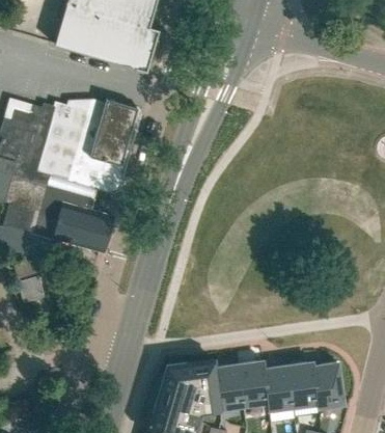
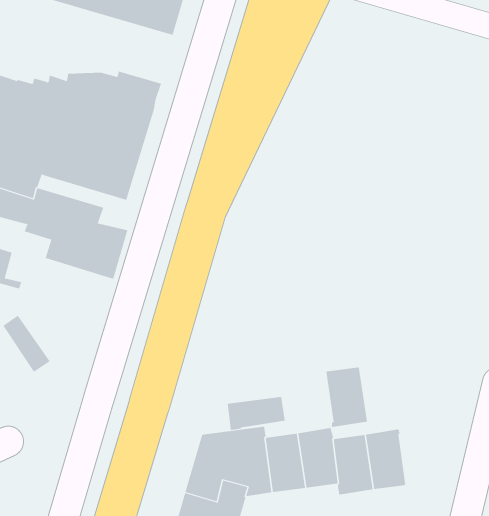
building: none -> [227,396,286,431]
building: [312,362,343,407] -> [326,367,368,428]

